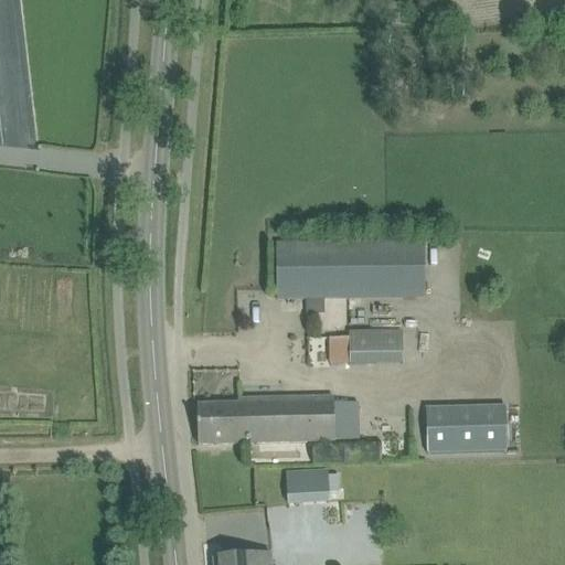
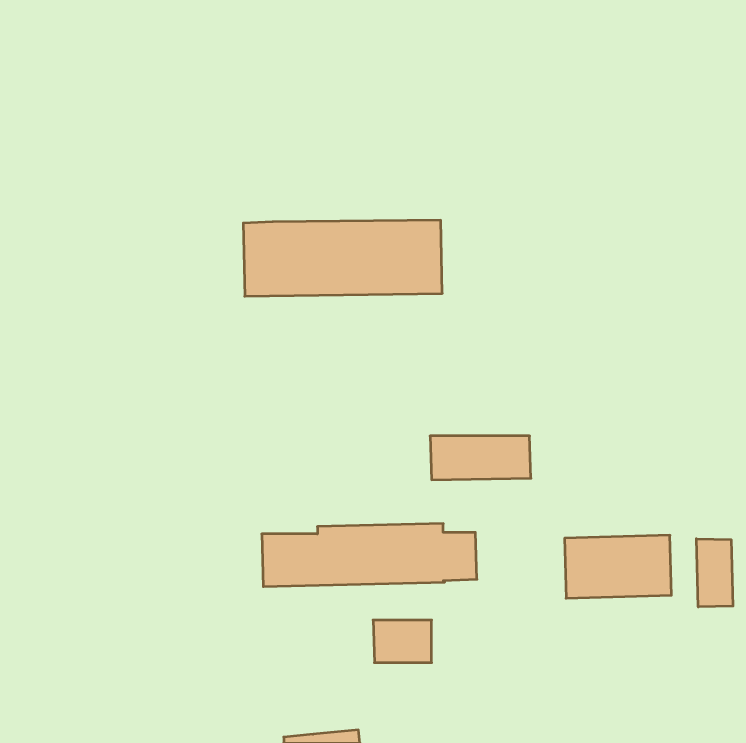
building: [277,239,427,297] -> [243,220,442,296]
building: none -> [696,539,733,607]

